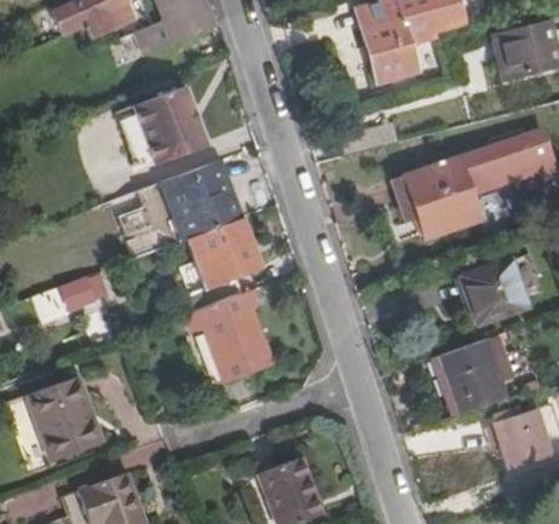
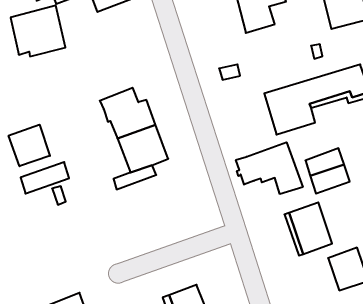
building: [121,84,203,160] -> [11,6,65,56]
building: none -> [9,125,50,166]
building: none -> [236,142,303,194]
building: [206,312,273,385] -> none
building: [29,380,102,462] -> none

